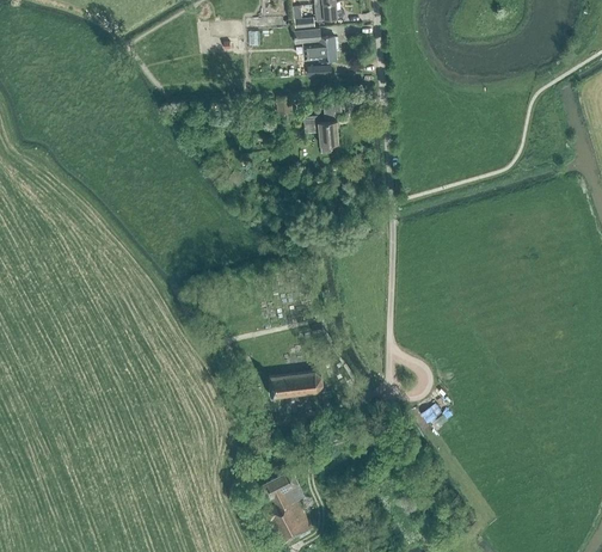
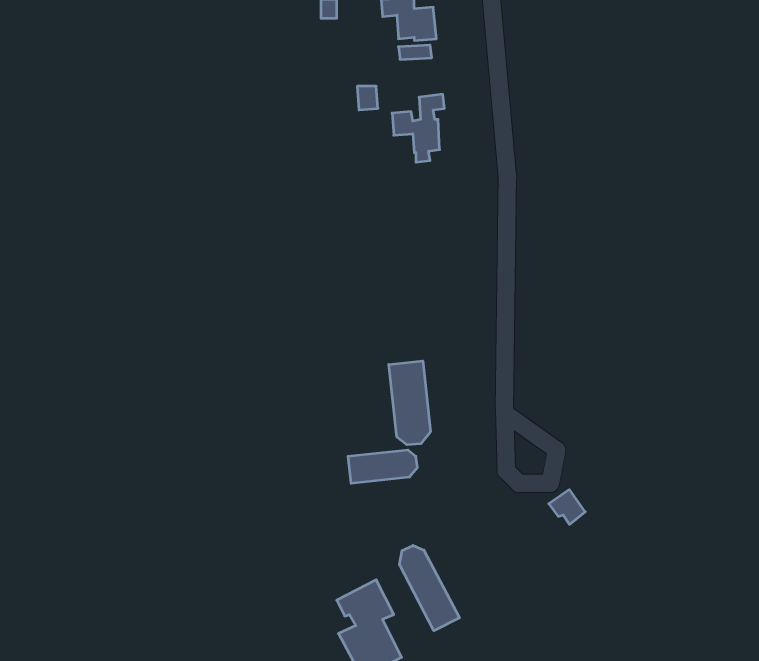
building: none -> [389,361,430,445]
building: none -> [399,545,459,631]

